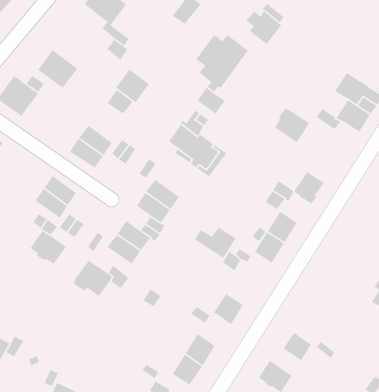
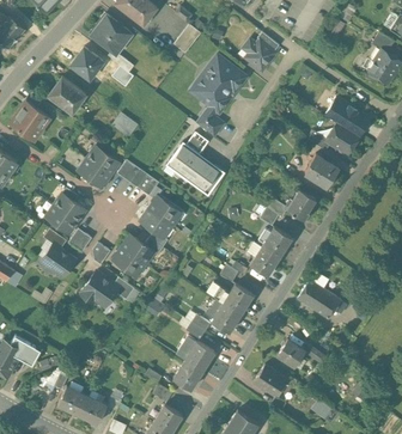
building: [115,68,150,103] -> [71,48,103,80]
building: [274,107,310,143] -> [305,155,339,189]
building: [194,227,236,259] -> [213,285,252,314]
building: none -> [297,275,346,319]

